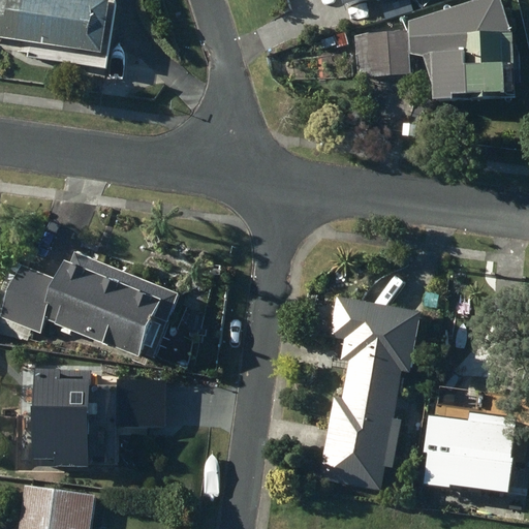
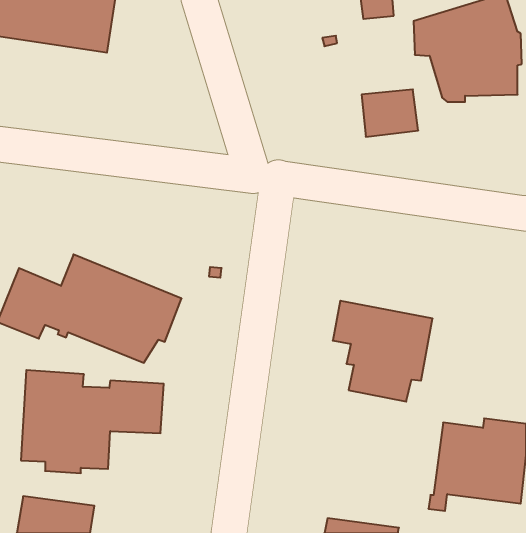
building: [352,31,408,77] -> [362,89,418,137]
building: [316,383,403,492] -> none

